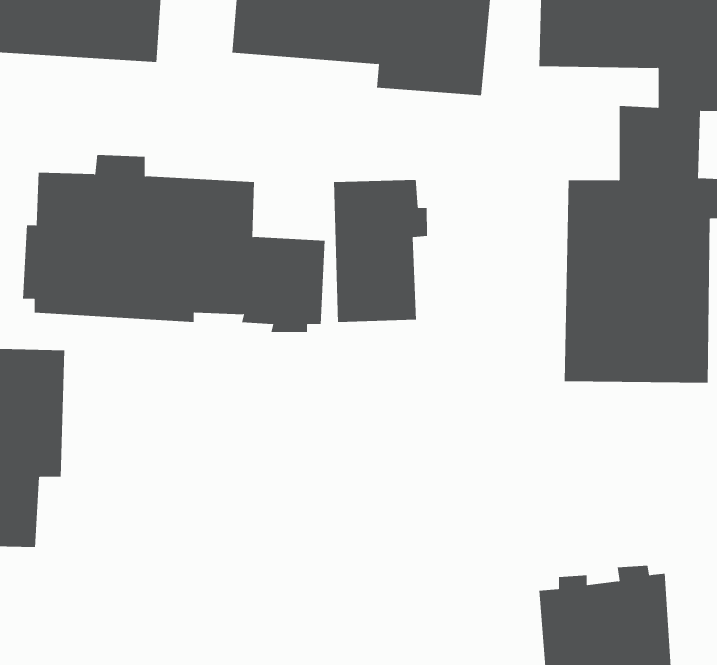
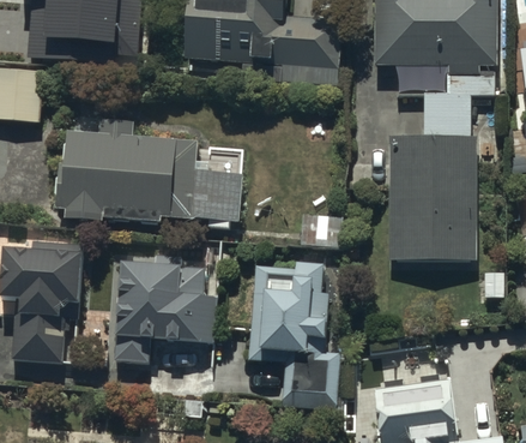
building: [334,179,428,323] -> none
building: none -> [250,257,344,409]
building: none -> [115,262,217,361]

